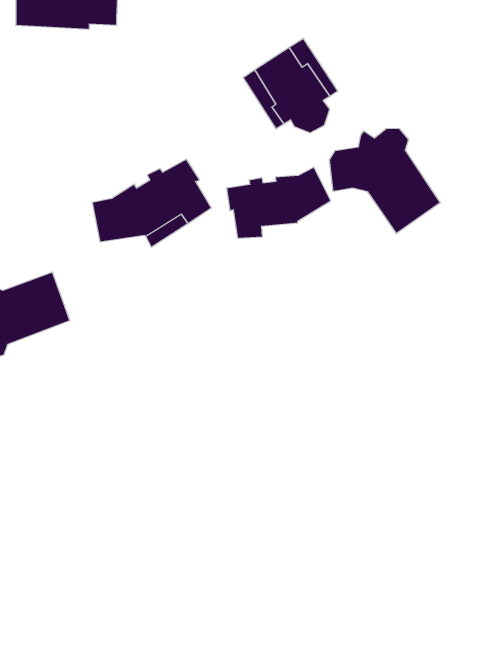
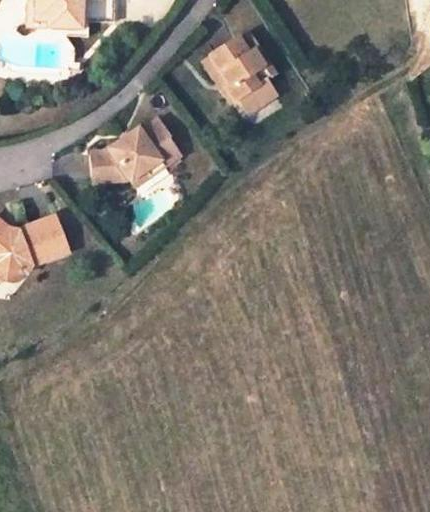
building: [330,128,440,234] -> none
building: [227,167,331,238] -> none

